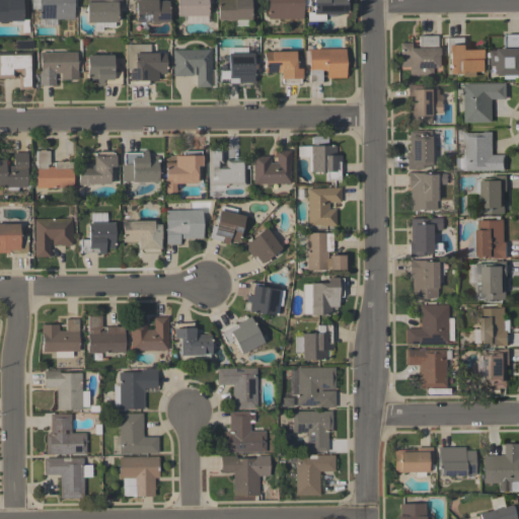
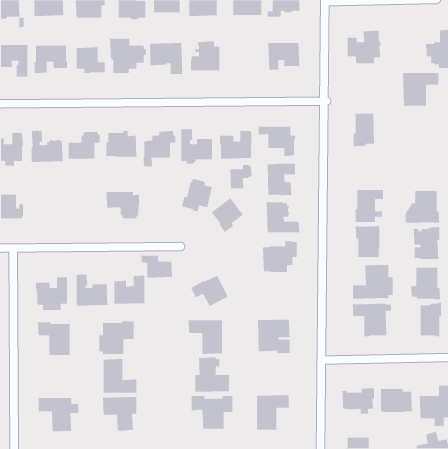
building: [449,36,488,76] -> none
building: [266,50,303,83] -> none
building: [409,83,443,122] -> none
building: [460,131,507,170] -> none
building: [410,171,447,211] -> none
building: [484,174,509,214] -> none
building: none -> [230,164,252,189]
building: [167,210,205,244] -> none
building: [82,212,117,253] -> none
building: [35,218,74,256] -> none
building: [247,282,286,315] -> none
building: [296,324,335,360] -> none
building: [175,327,213,355] -> [140,255,173,278]
building: [293,411,333,451] -> none
building: [48,414,87,454] -> none

